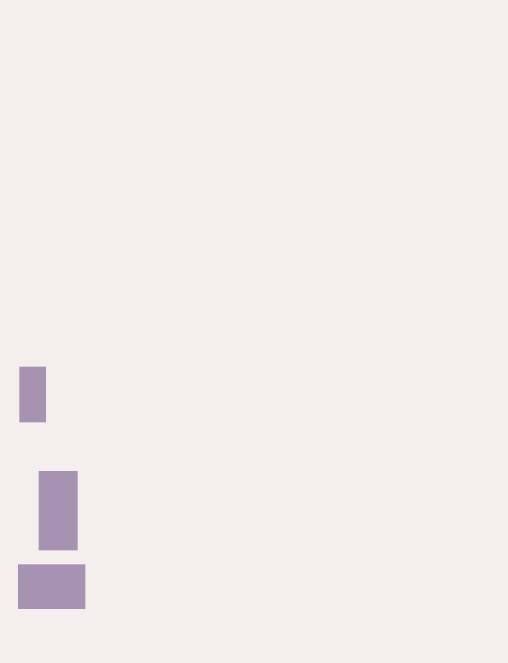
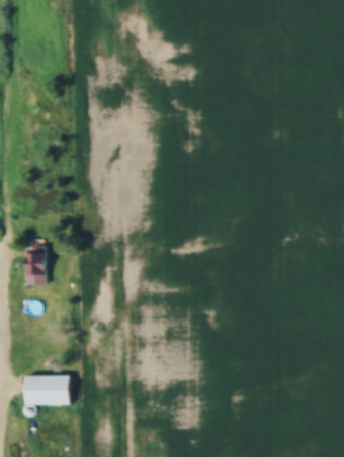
building: [38,470,78,551] -> none

